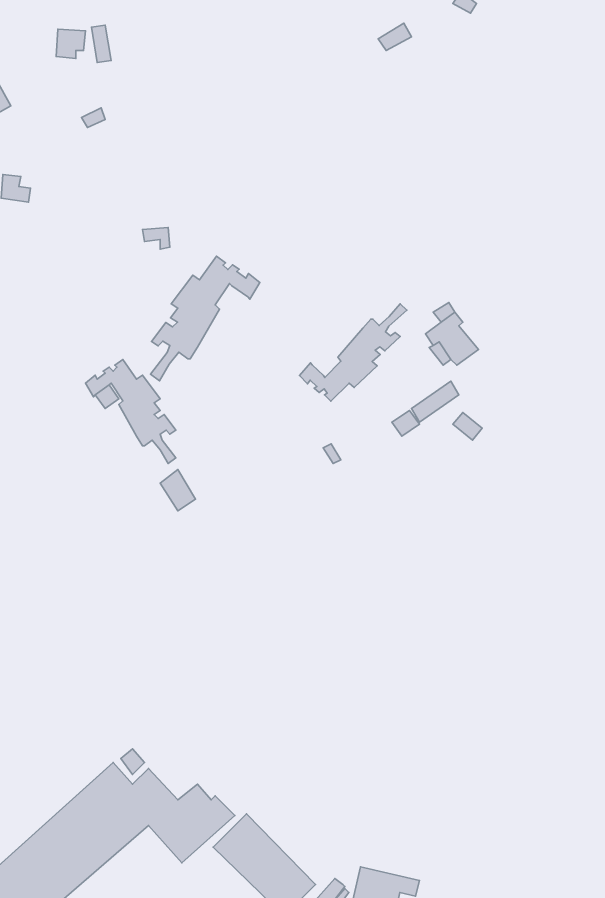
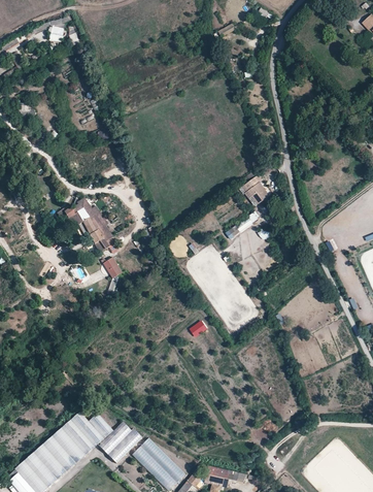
building: [150,256,260,381] -> none
building: [300,304,407,401] -> none

